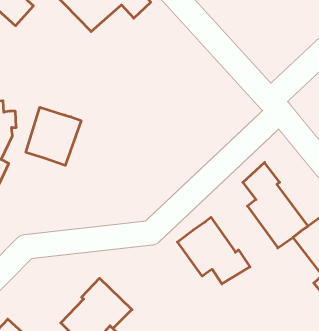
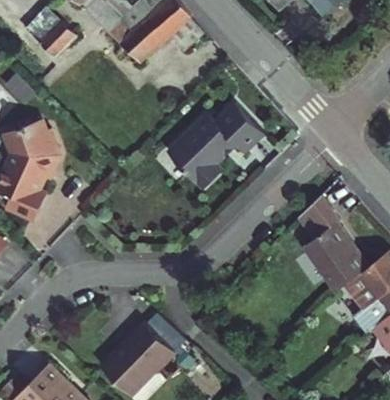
building: none -> [169,100,266,186]
building: [26,107,81,165] -> none
building: [177,217,250,284] -> none

